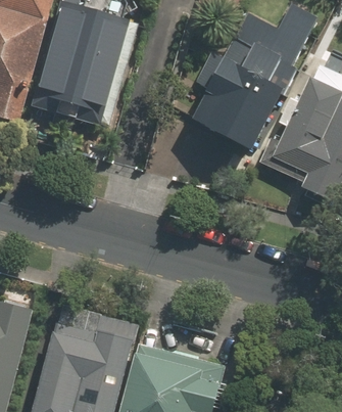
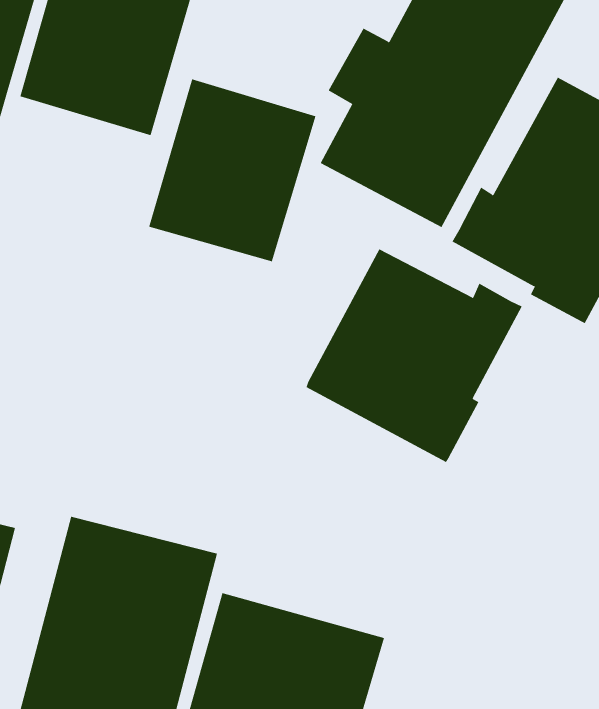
building: none -> [148,78,316,262]
building: none -> [306,248,522,463]

